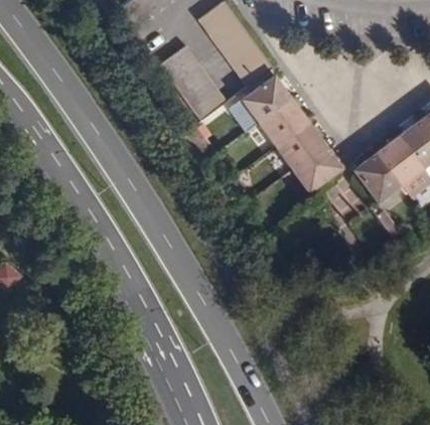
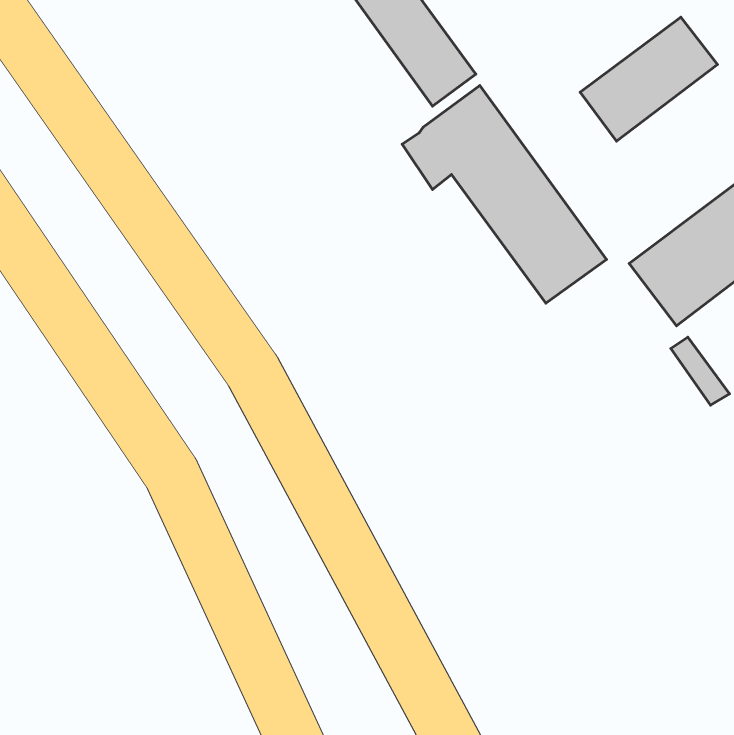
building: none -> [580,17,718,141]
building: [159,47,225,122] -> none

